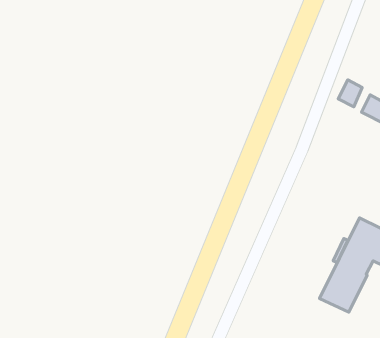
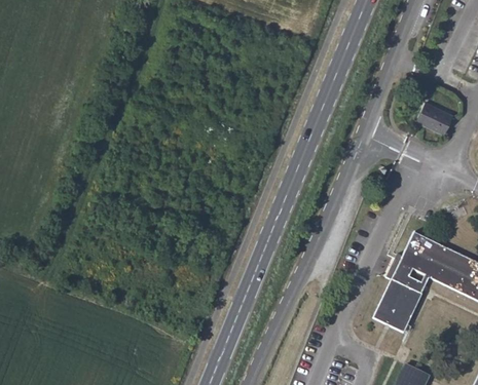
building: [338,80,362,107] -> none

